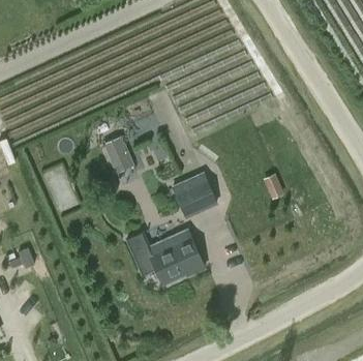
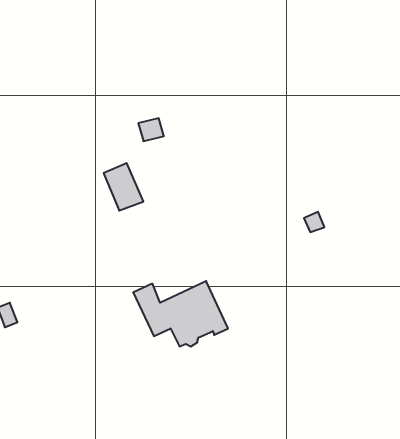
building: [172,172,218,218] -> none

